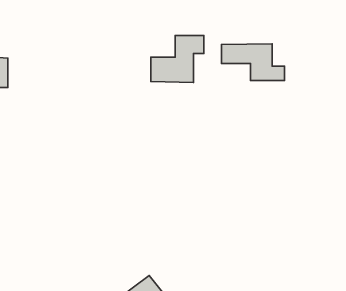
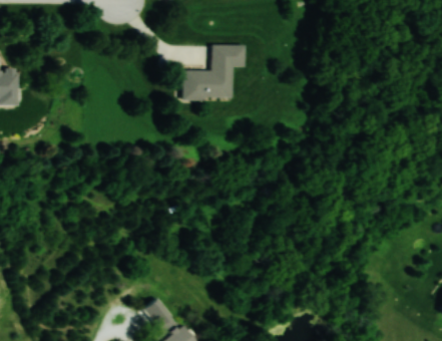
building: [221,44,285,80] -> none

